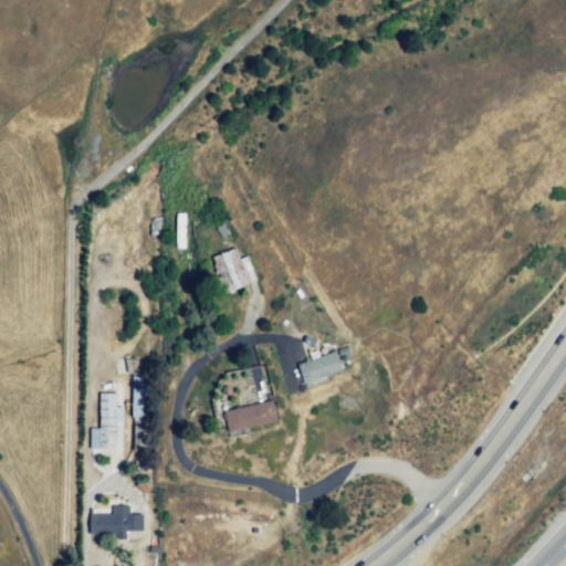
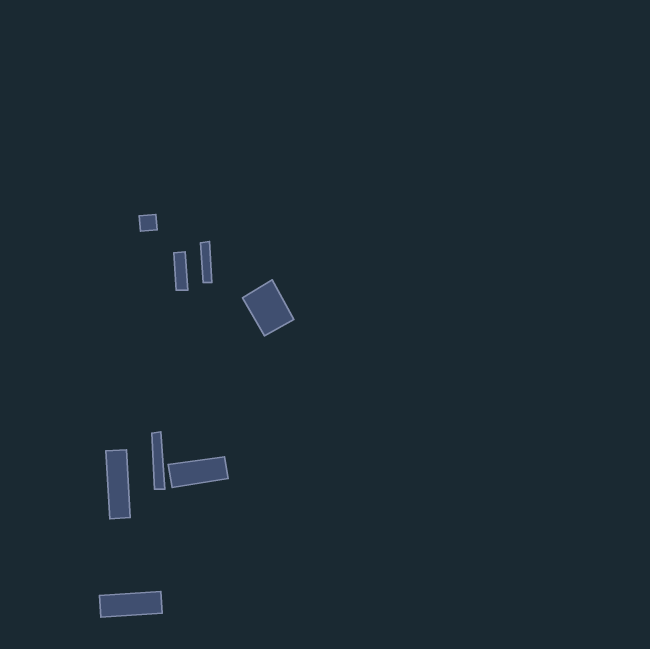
building: [301,347,339,379] -> none
building: [228,406,280,432] -> [168,457,228,487]

